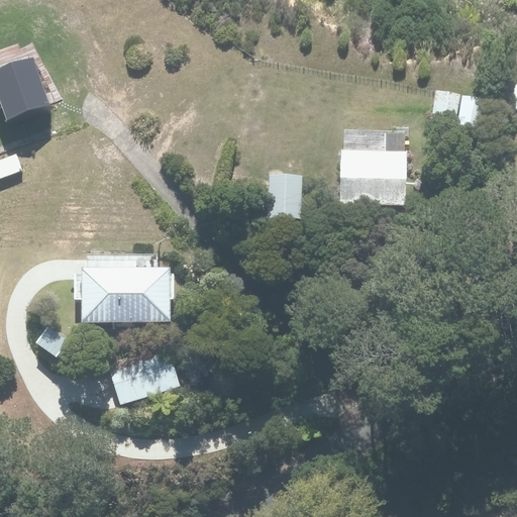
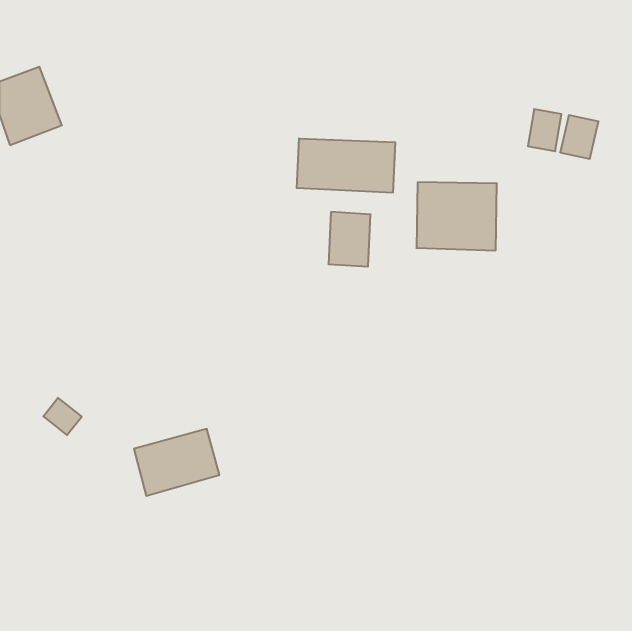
building: none -> [297,138,395,193]
building: [82,267,173,322] -> none

